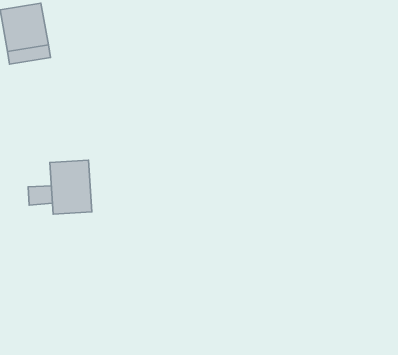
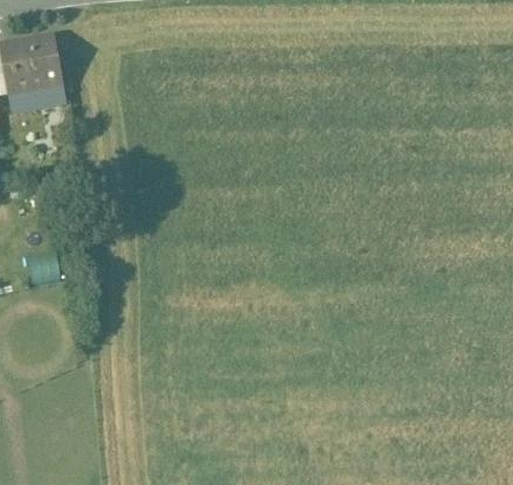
building: [50,160,92,214] -> none

